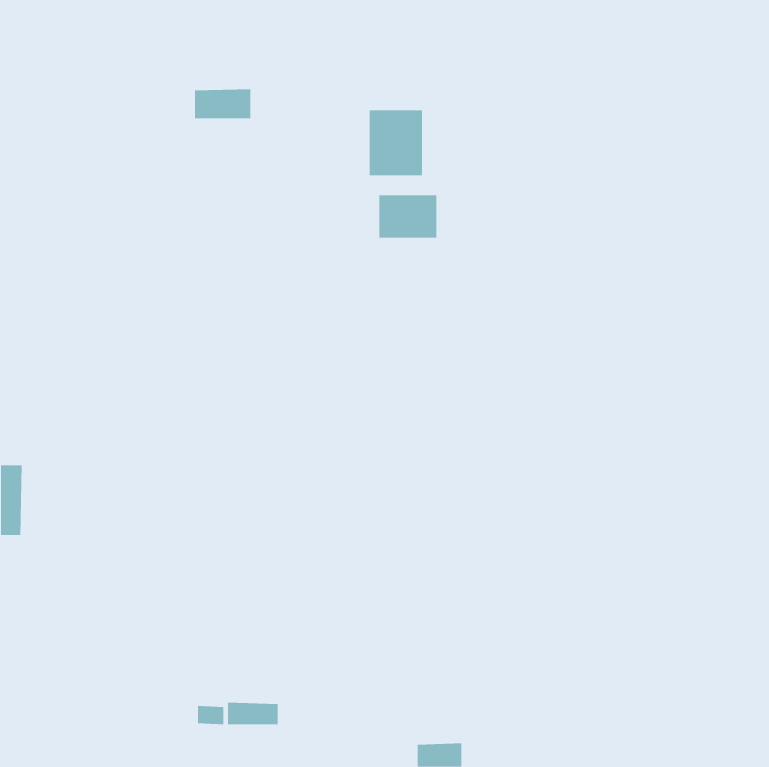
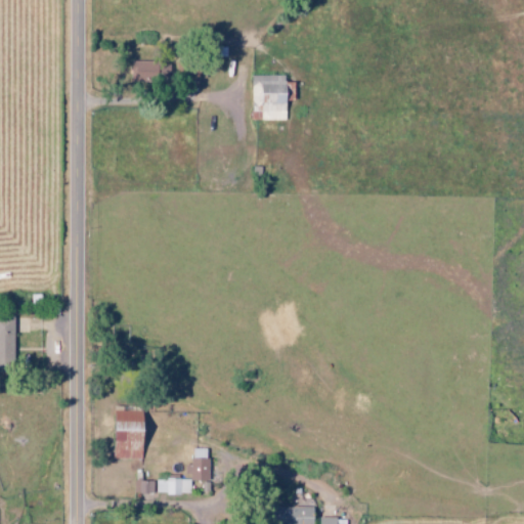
building: [379,194,437,238] -> none
building: none -> [113,409,148,461]
building: none -> [187,448,209,481]

